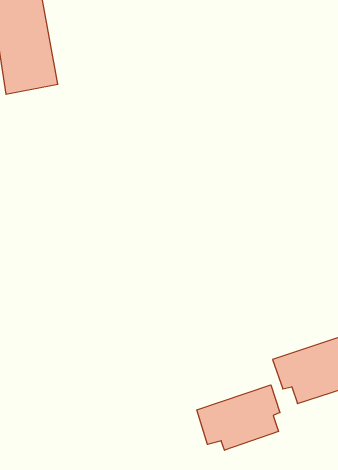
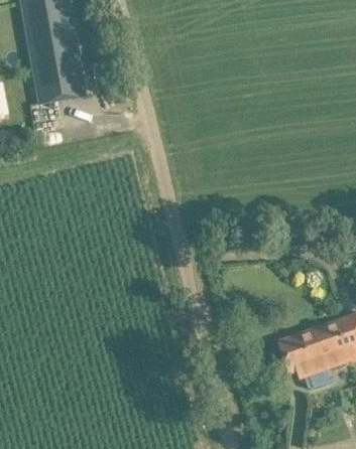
building: [197,385,280,450] -> none

